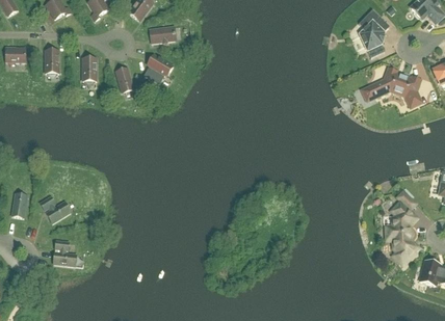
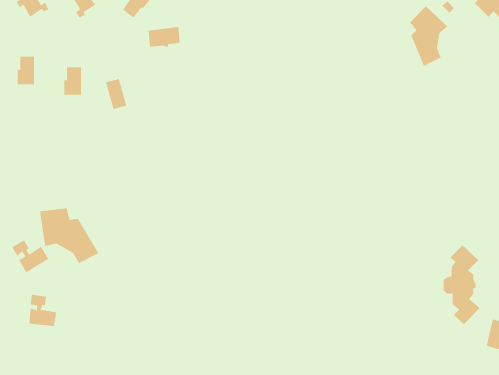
building: [145,54,174,84] -> none
building: [363,68,421,106] -> none
building: none -> [40,207,99,264]

